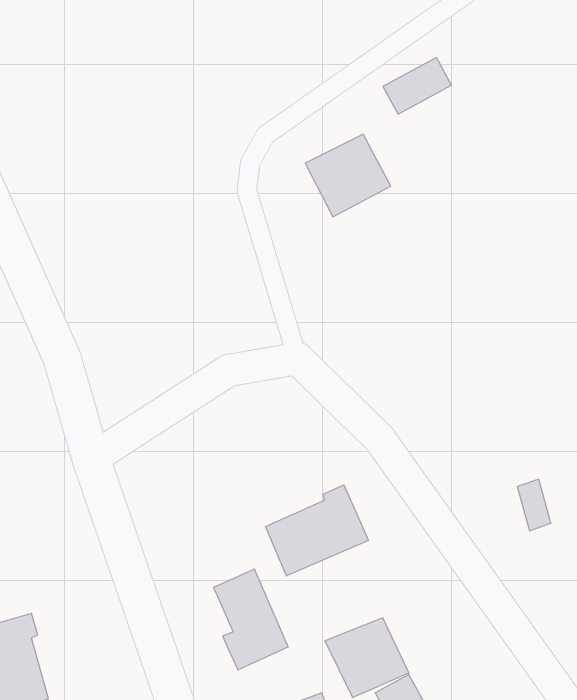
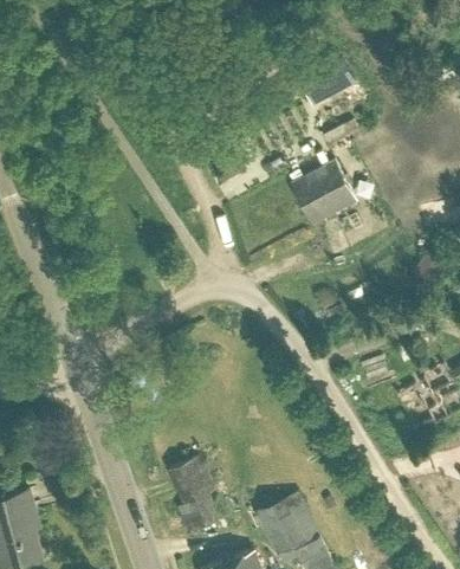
building: [305,134,391,217] -> [290,163,356,227]
building: [265,485,368,576] -> none

